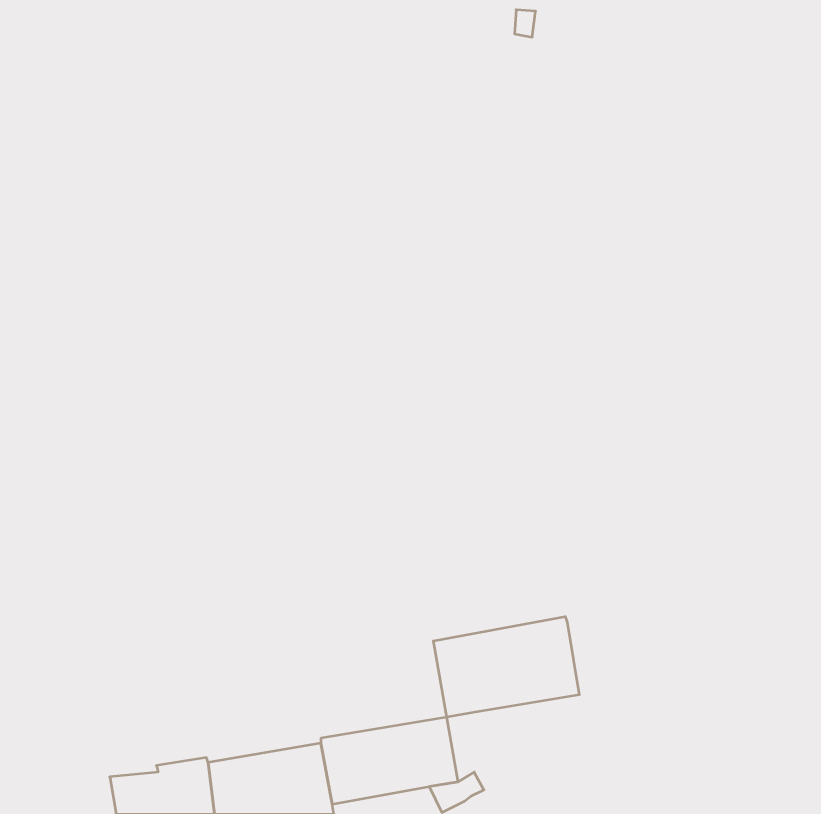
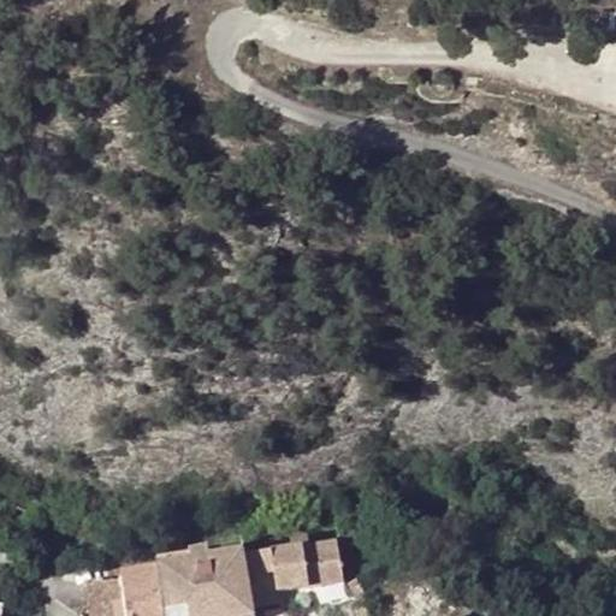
building: [433,617,579,717] -> none

